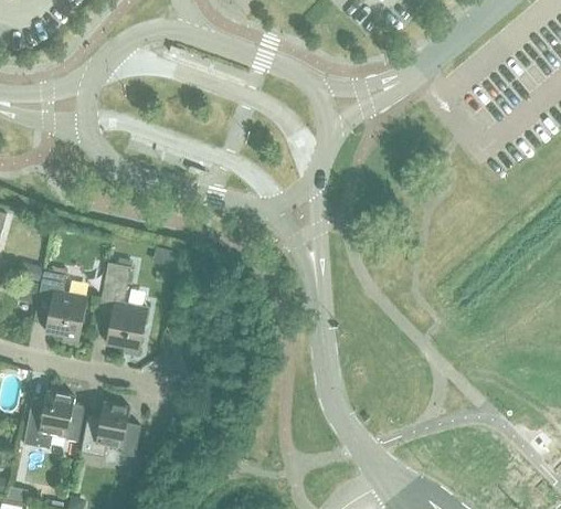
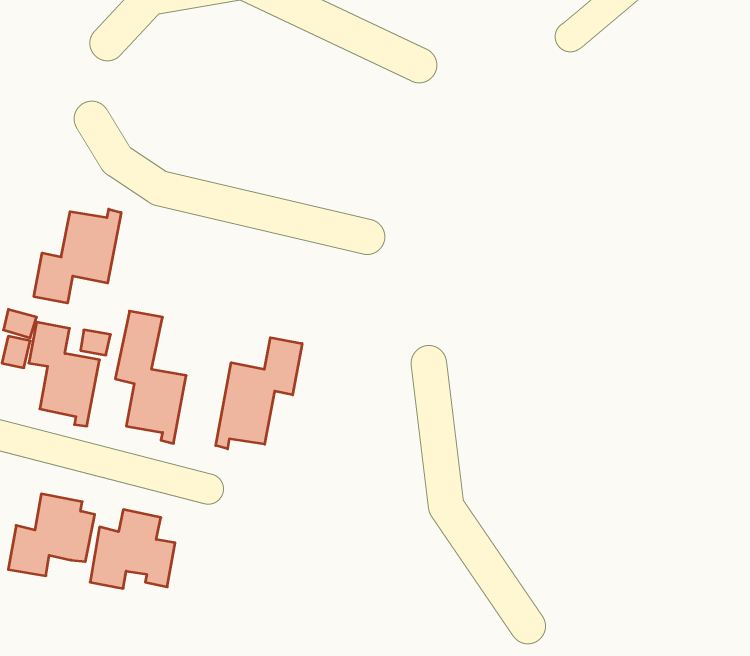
building: none -> [34,209,121,303]
building: none -> [216,338,302,449]

